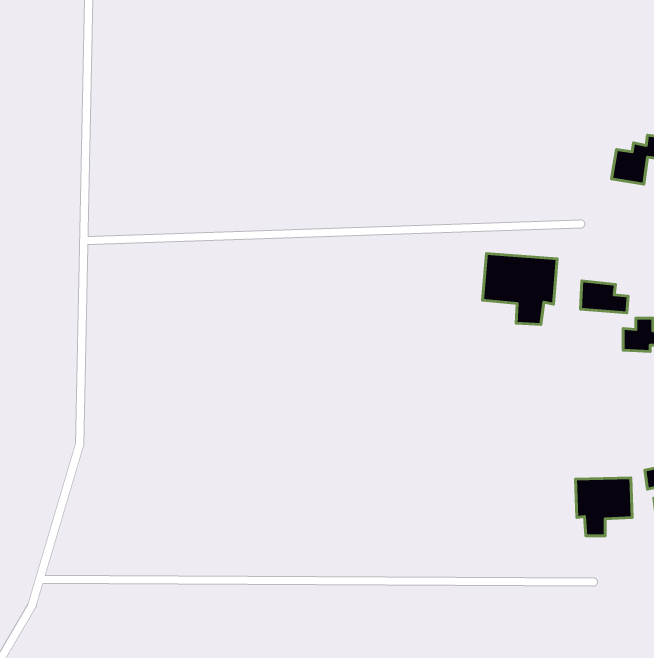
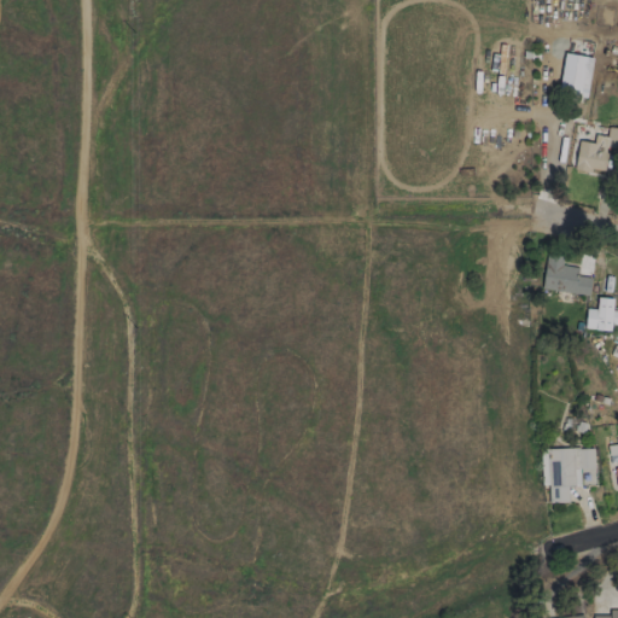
building: none -> [562,53,595,95]
building: [483,254,557,325] -> none

